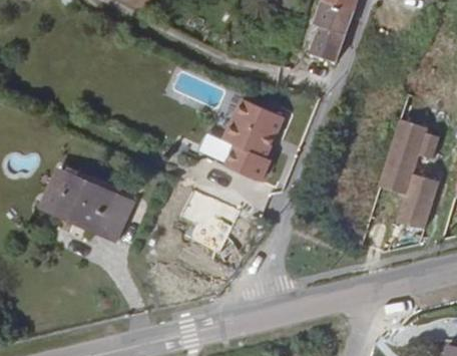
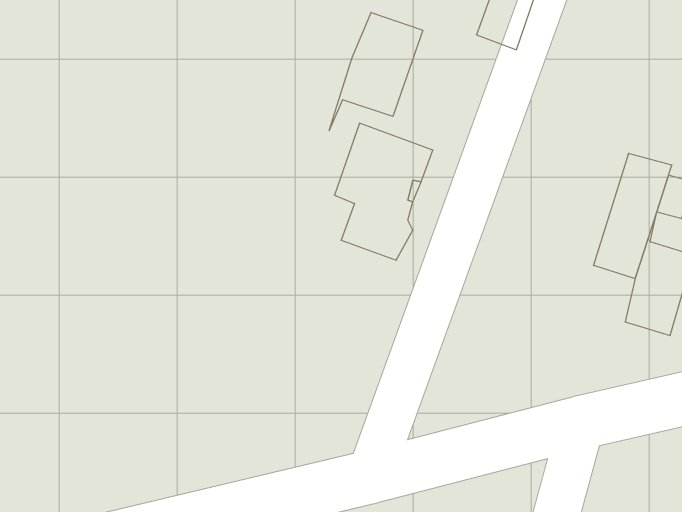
building: none -> [329,12,423,131]
building: [48,166,138,239] -> none

